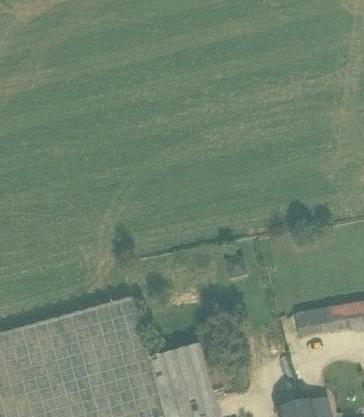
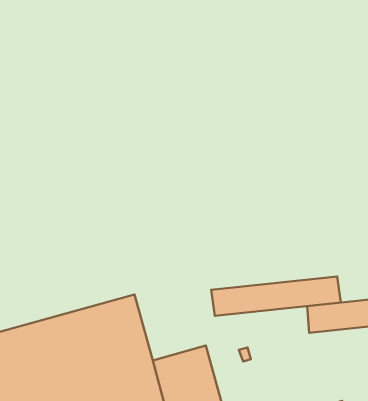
building: none -> [211,277,341,316]

